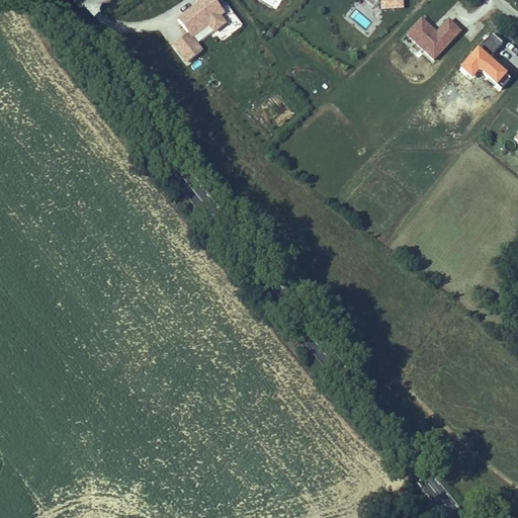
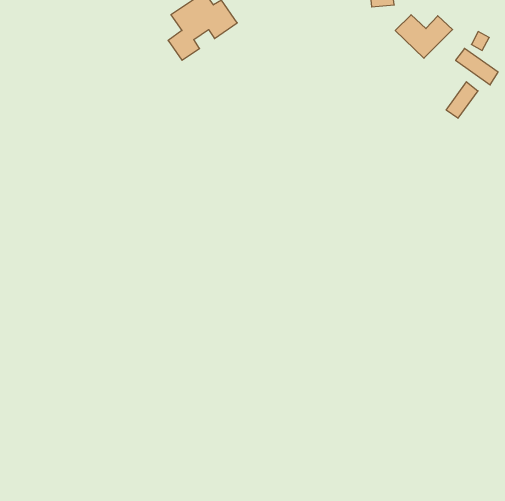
building: none -> [446,82,478,118]

